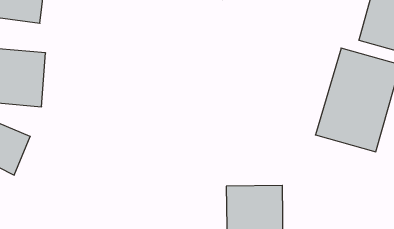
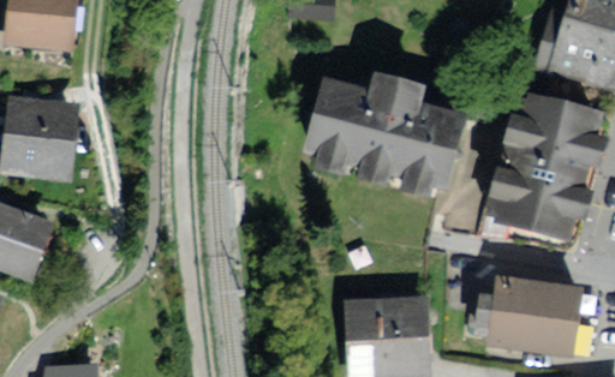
building: none -> [301,70,466,196]
building: none -> [485,274,581,357]

